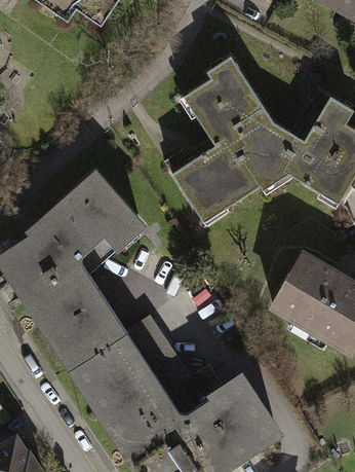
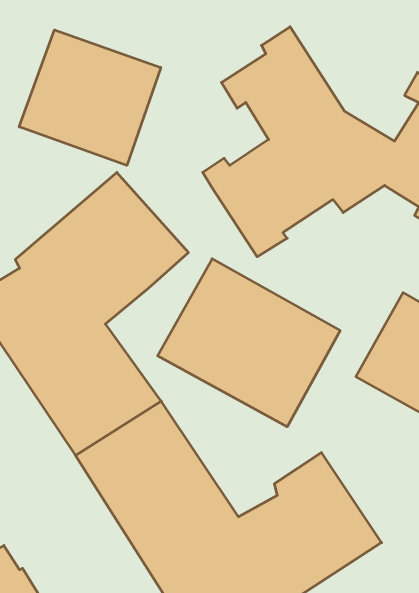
building: none -> [19,30,161,165]
building: none -> [158,259,340,427]

